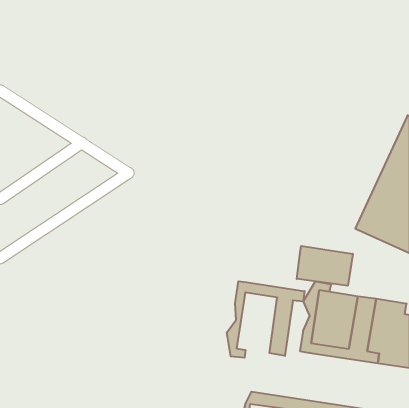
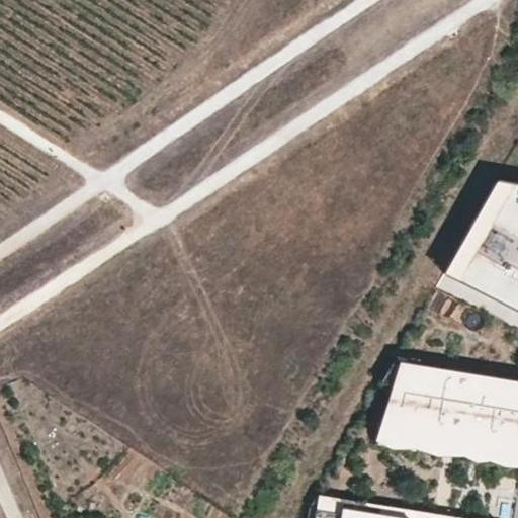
building: [297,246,353,286] -> none
building: [227,281,305,358] -> none

